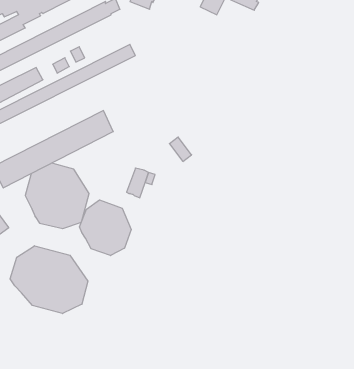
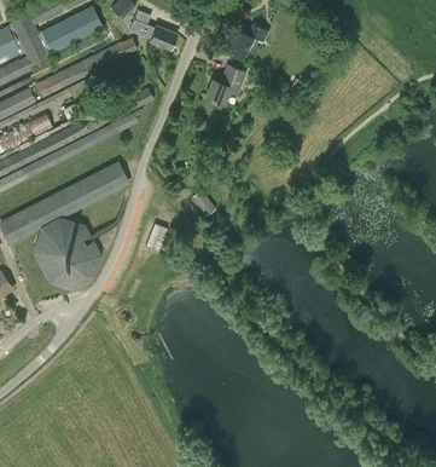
building: none -> [205,64,246,103]
building: [80,200,131,256] -> none
building: [10,246,88,314] -> none

